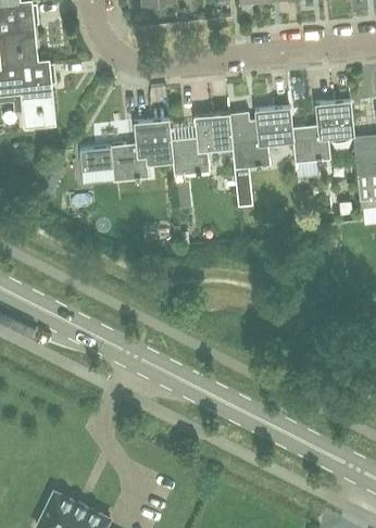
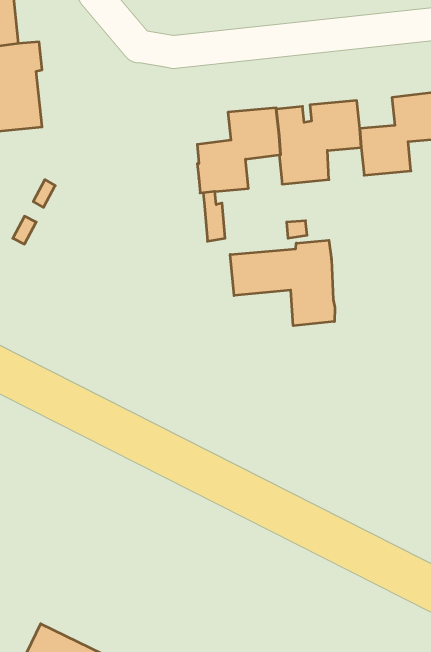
building: [79,116,172,179] -> none
building: none -> [230,240,335,326]

